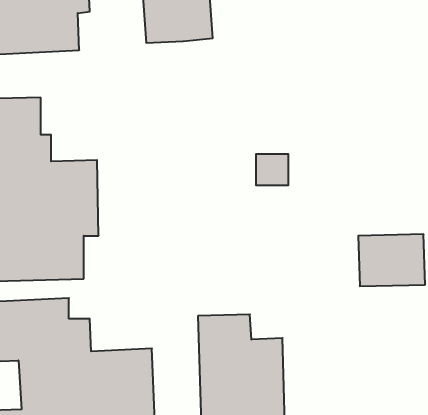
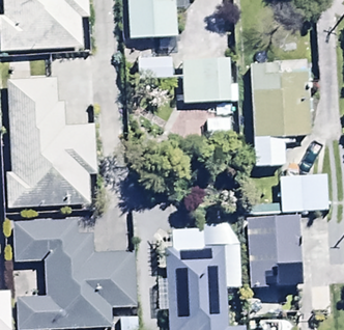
building: none -> [156,36,229,102]
building: none -> [250,58,312,165]
building: none -> [247,217,302,291]

